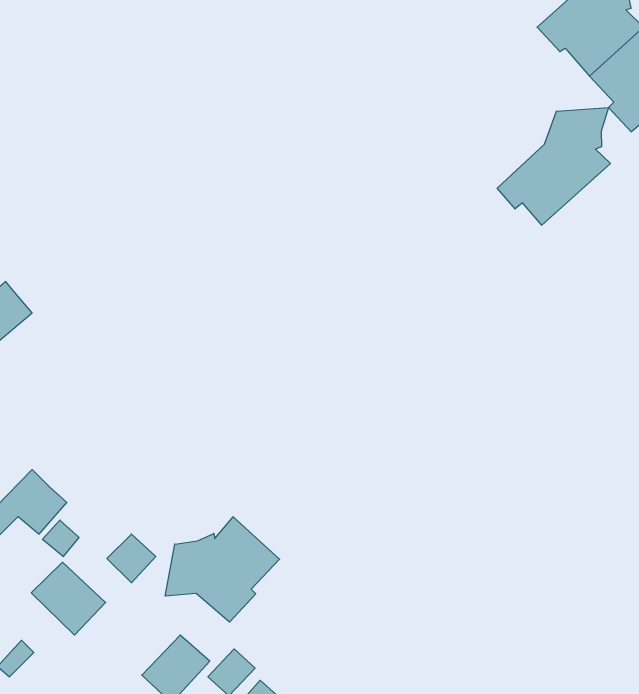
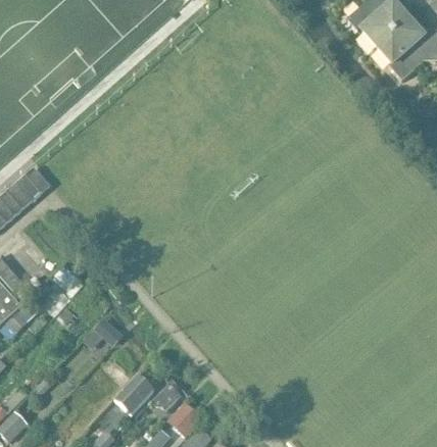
building: [497,107,610,225] -> none
building: [165,517,280,622] -> none
building: [31,562,106,635] -> none

